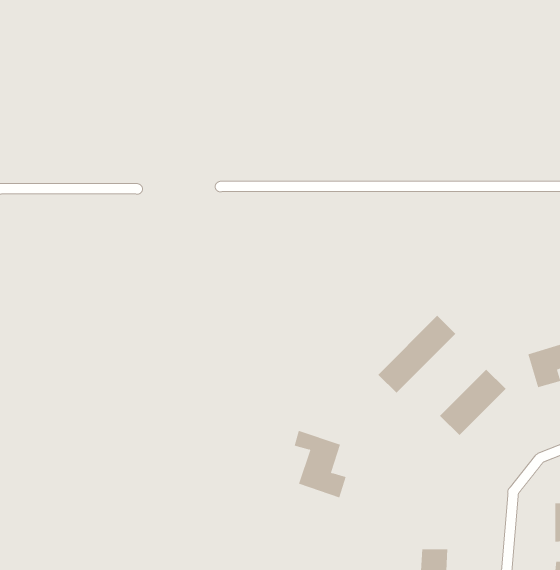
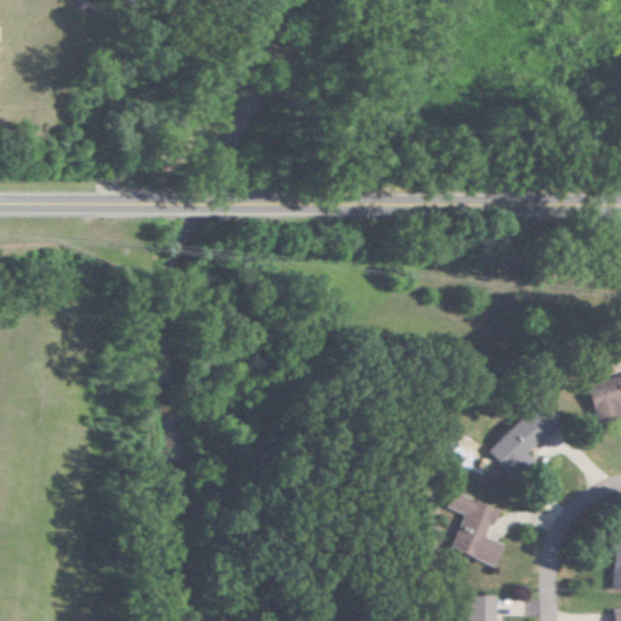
building: [378,315,456,394] -> none
building: [294,430,346,498] -> [448,492,505,566]

